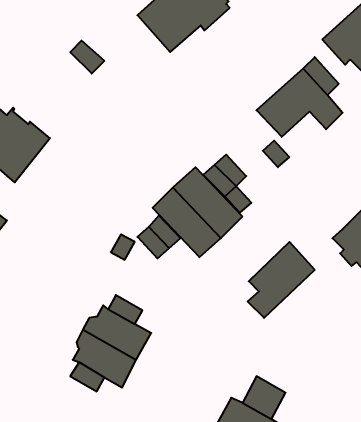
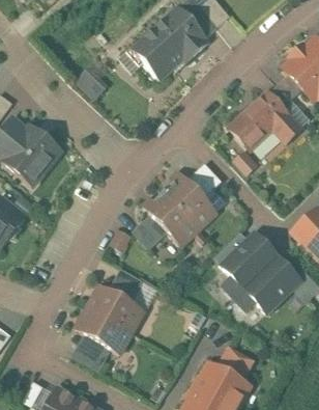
building: none -> [235,257,298,310]

